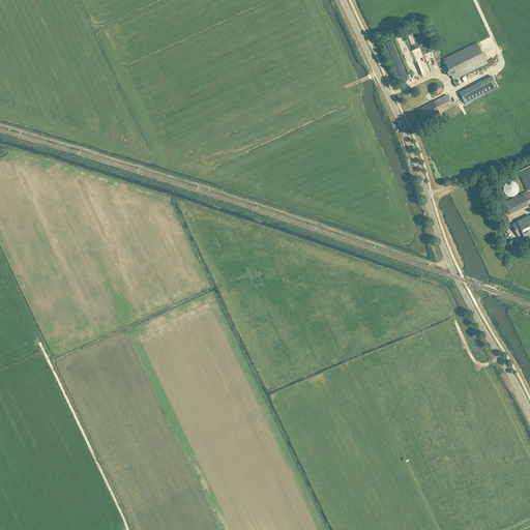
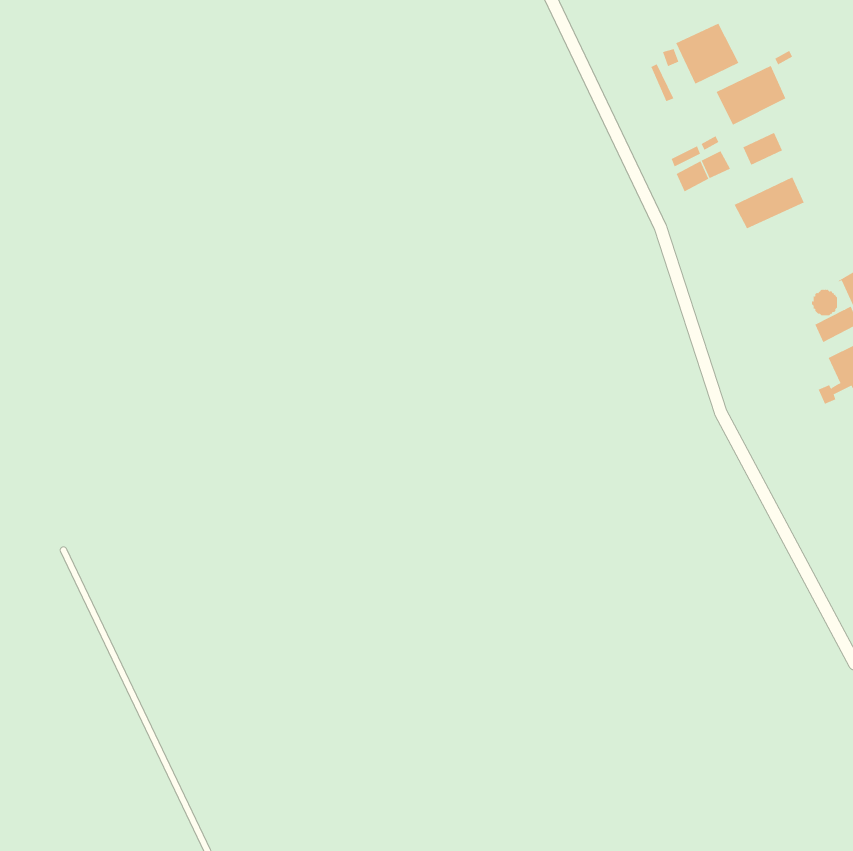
building: none -> [675,23,739,84]
building: none -> [734,177,804,229]

